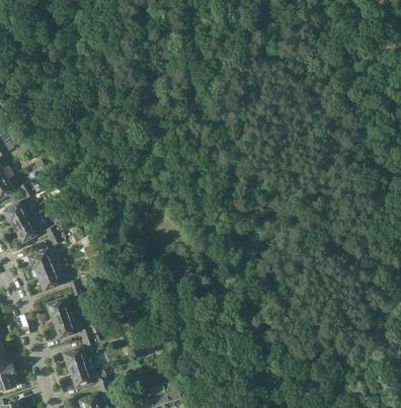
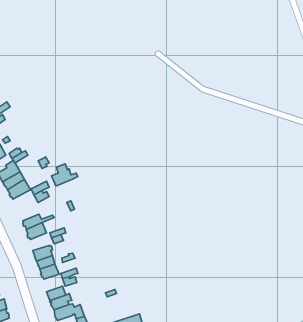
building: [28,242,60,268] -> [51,164,78,186]

